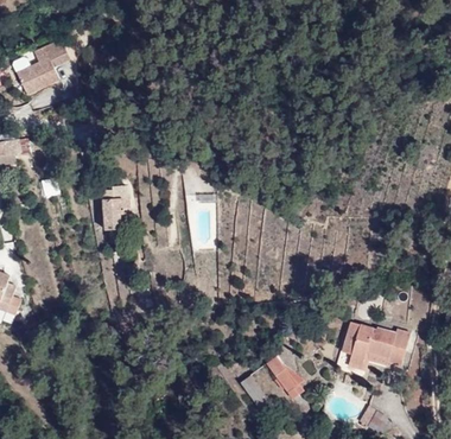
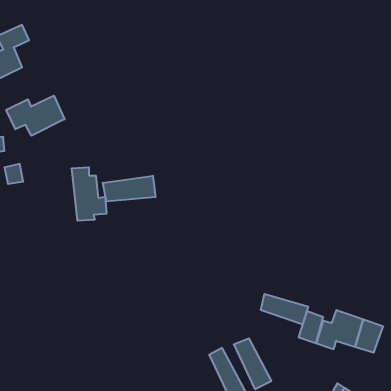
building: none -> [6,96,65,136]
building: none -> [103,176,155,201]
building: none -> [261,294,308,325]

